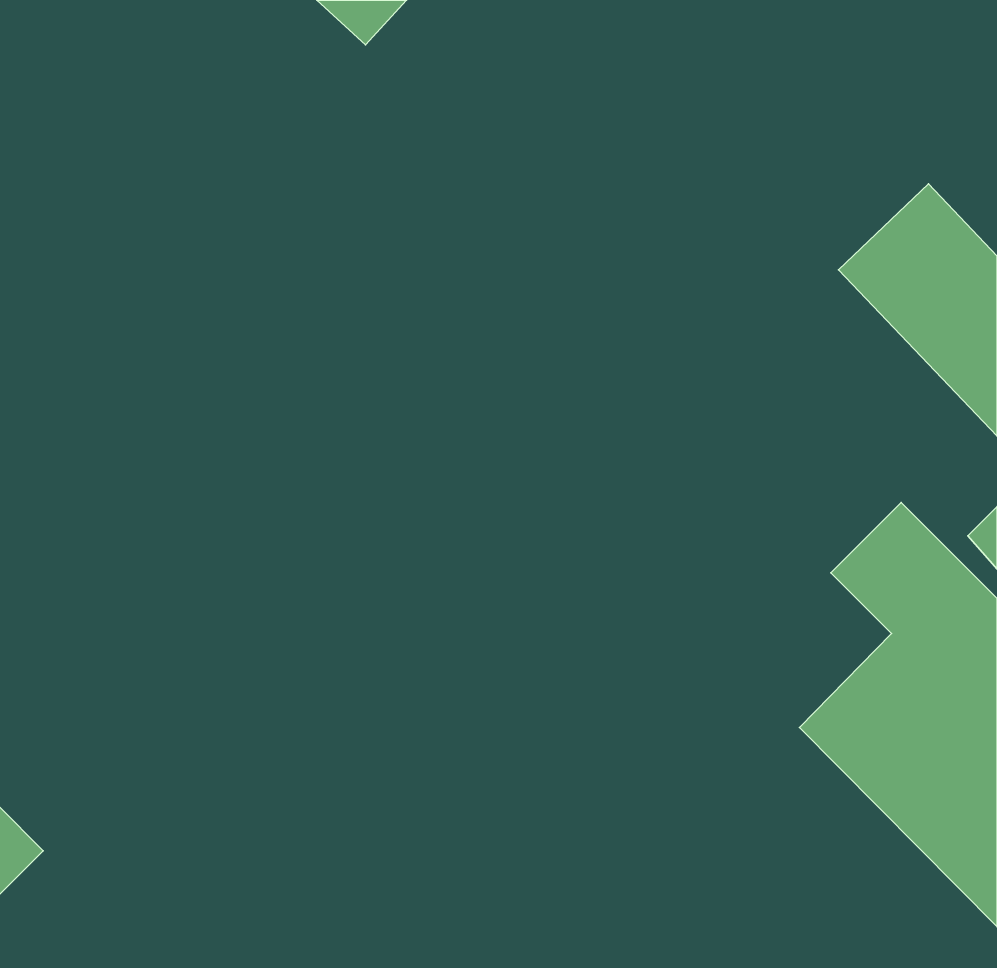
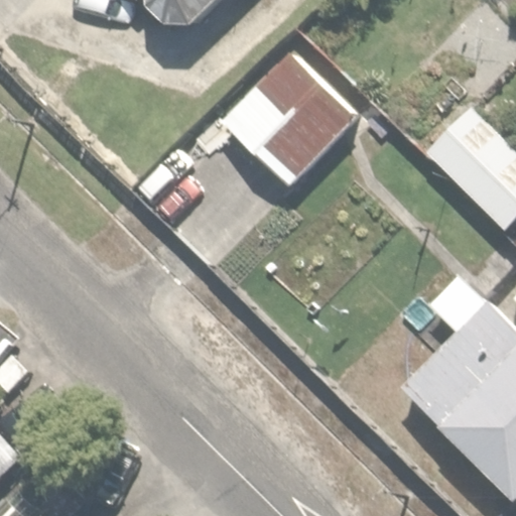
building: none -> [213,48,360,196]

